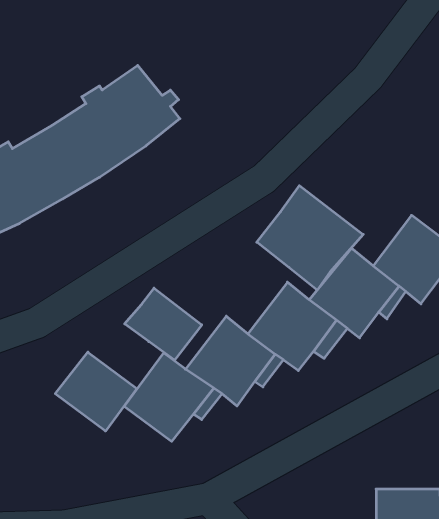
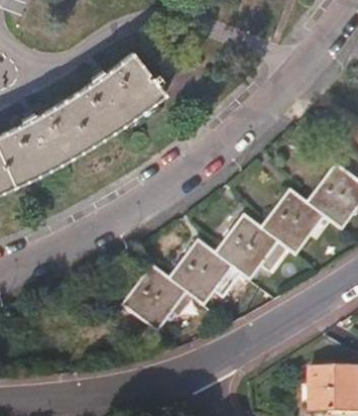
building: [257,186,363,290] -> none
building: [125,288,202,360] -> none
building: [55,352,137,431] -> none

